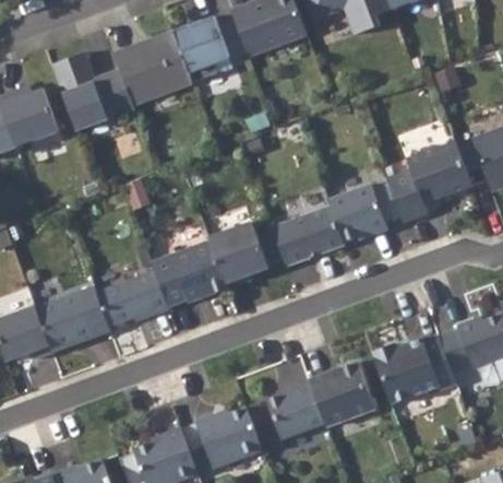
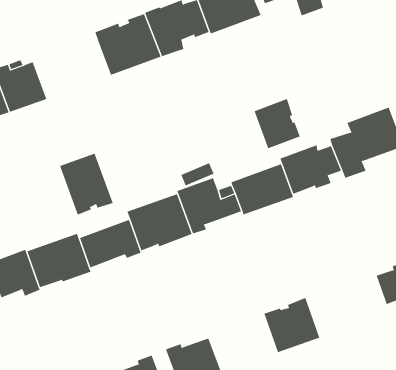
building: [51,52,134,130] -> none
building: none -> [254,98,301,149]
building: none -> [60,153,113,215]
building: [371,334,456,403] -> none
building: [266,379,324,439] -> none

